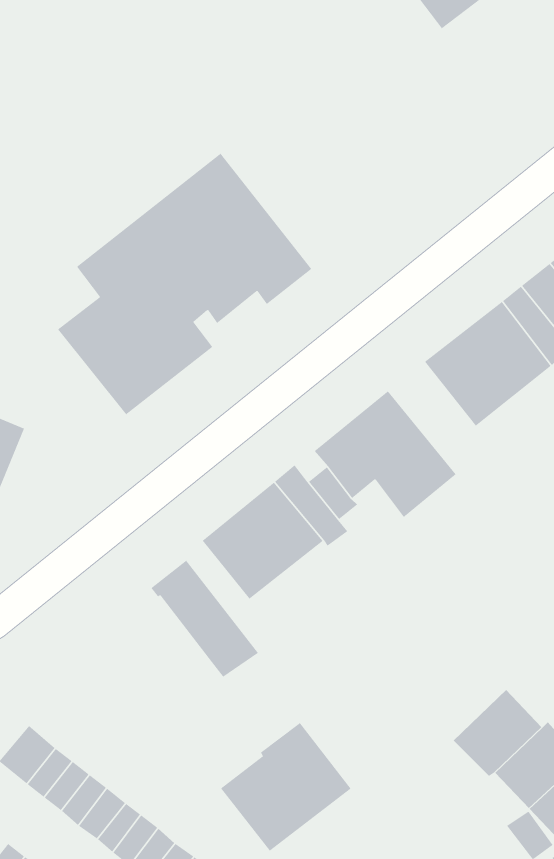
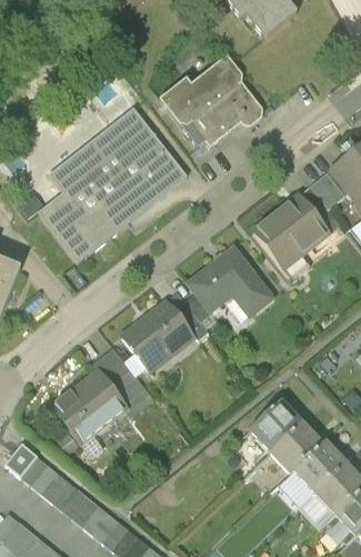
building: none -> [159,53,262,147]
building: none -> [250,400,301,451]
building: [220,722,351,851] -> [52,367,129,442]

